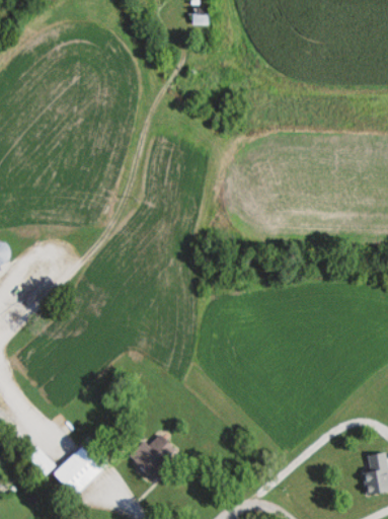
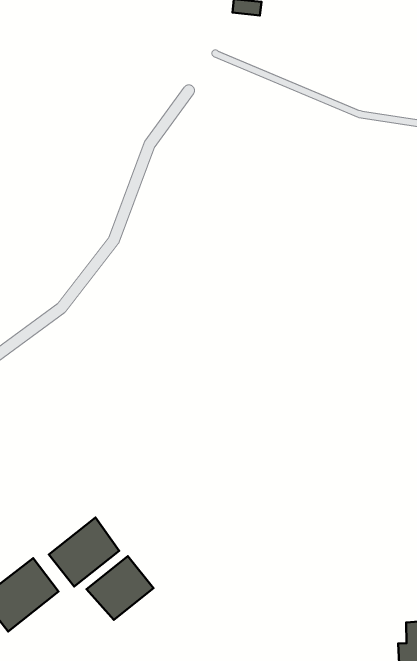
building: none -> [49,518,119,586]

